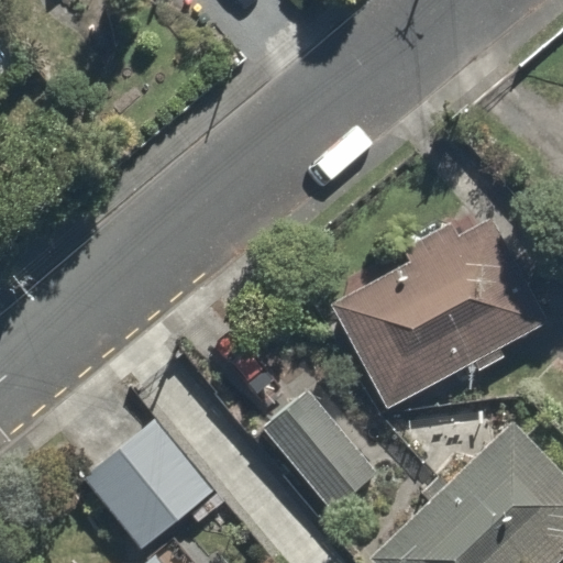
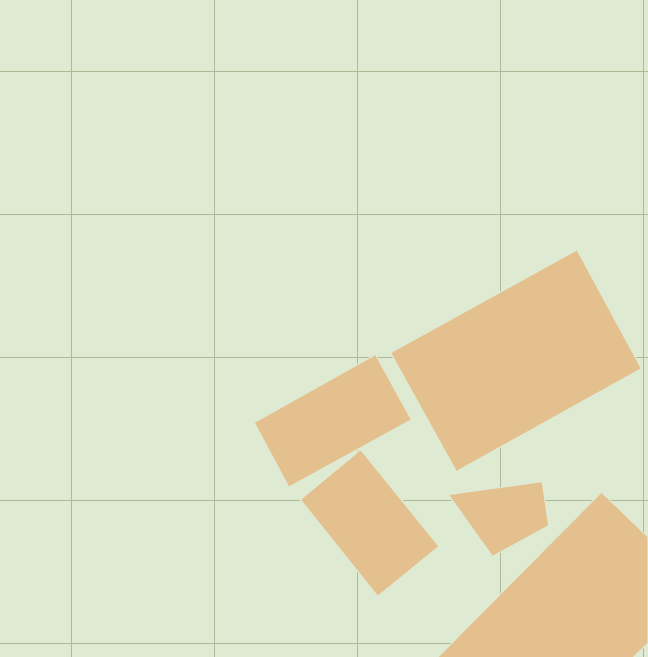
building: none -> [254,354,411,487]
building: [82,423,210,551] -> none

